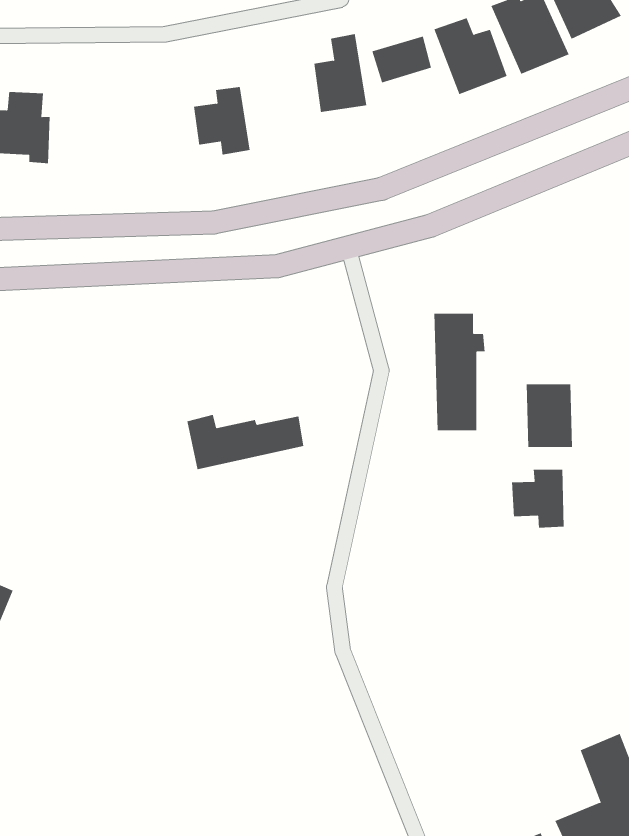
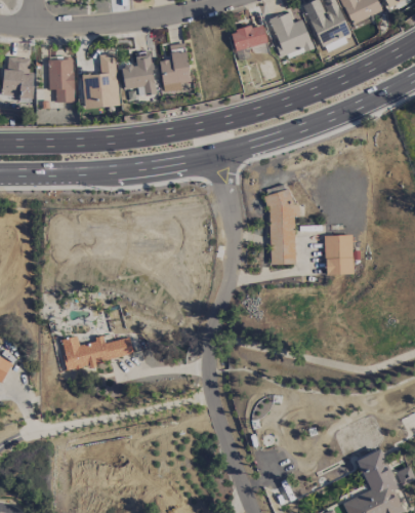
building: [313,33,367,112] -> [160,42,193,90]
building: none -> [83,53,119,108]
building: none -> [48,57,75,102]
building: [187,414,304,470] -> [61,336,133,369]
building: [512,469,564,529] -> none

